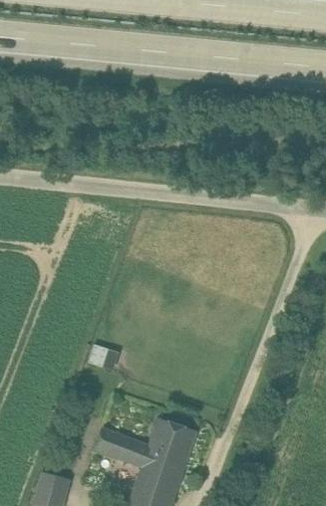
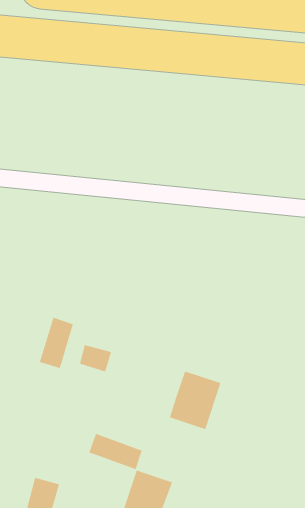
building: none -> [39,317,74,369]
building: [143,421,195,479] -> [169,371,221,430]

